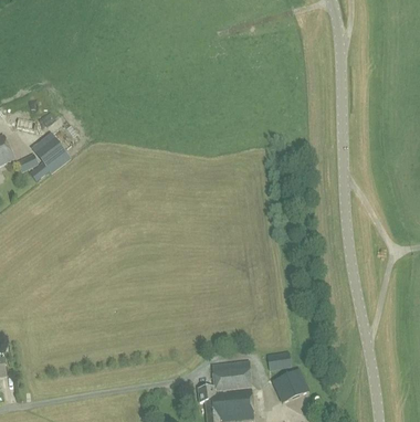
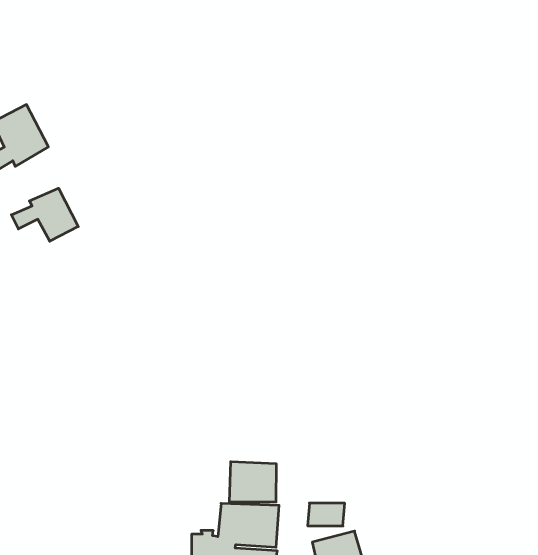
building: none -> [11,188,78,241]
building: none -> [229,462,276,502]

